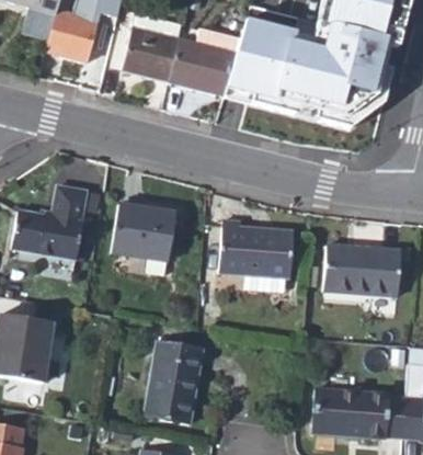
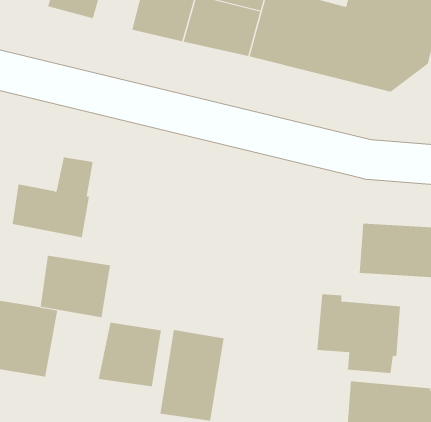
building: [112,204,175,260] -> [40,255,111,318]
building: [217,219,293,291] -> [317,294,401,373]
building: none -> [98,322,161,387]

